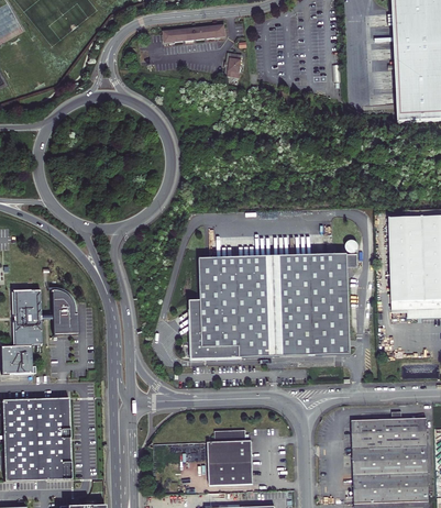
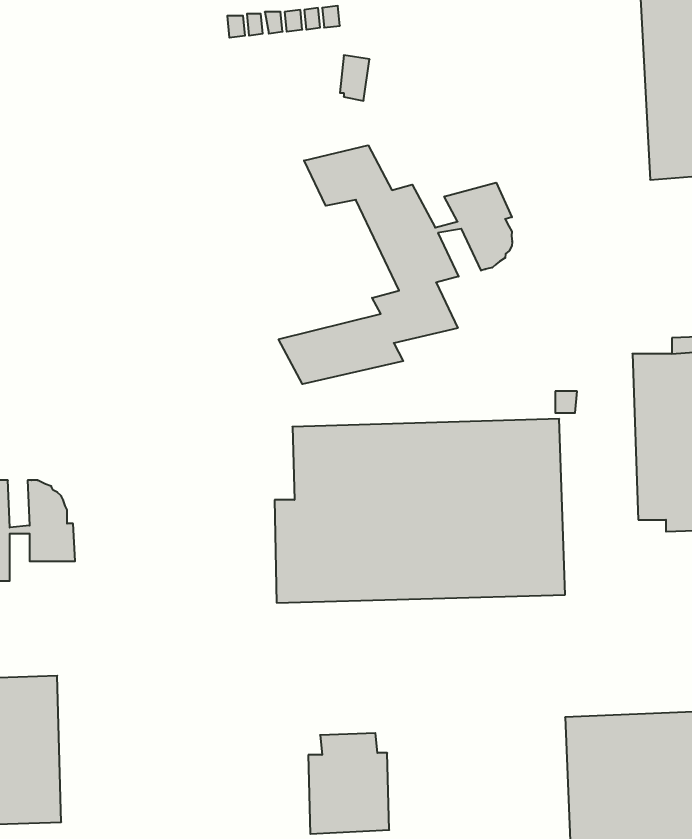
building: none -> [279,145,512,384]

